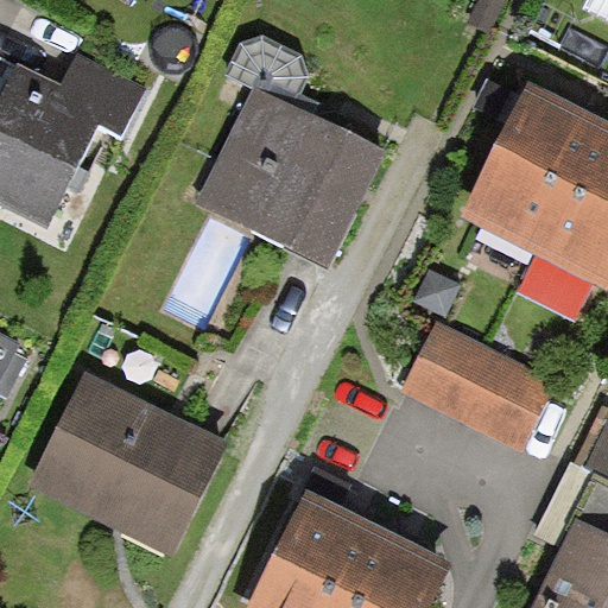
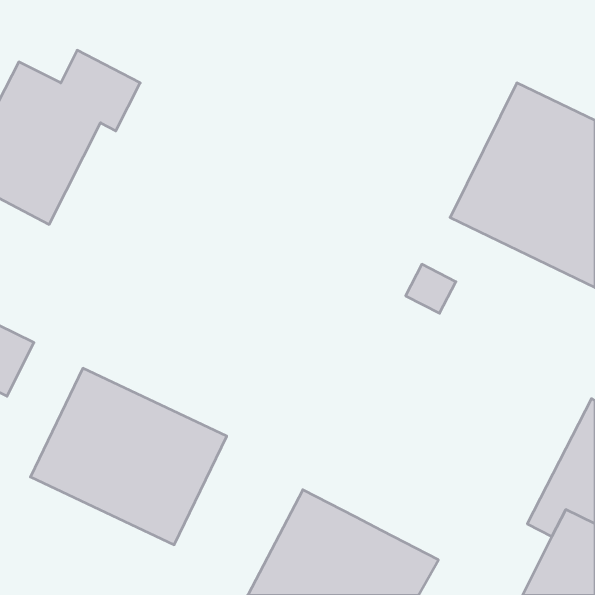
building: [200,87,385,267] -> none
building: [405,327,556,452] -> none

